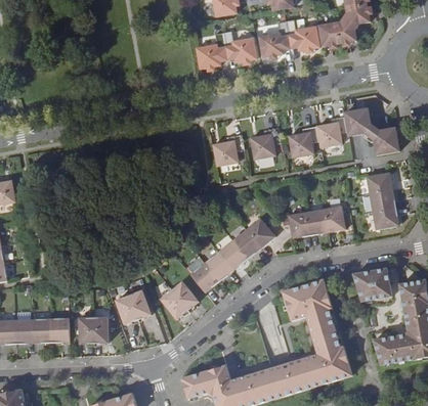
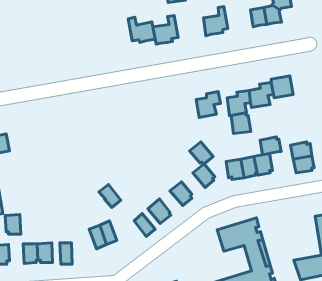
building: [285,18,319,50] -> none
building: [222,30,256,61] -> [128,17,155,42]
building: [372,128,400,154] -> none
building: [213,134,244,166] -> none
building: none -> [231,113,251,134]
building: [366,172,392,194] -> [260,137,281,155]
building: [231,229,261,257] -> [190,142,213,164]
building: [204,252,233,279] -> none
building: [353,268,392,300] -> none
building: [160,289,187,318] -> [99,185,121,207]
building: [93,316,109,344] -> none
building: [14,318,34,343] -> [5,215,21,234]

